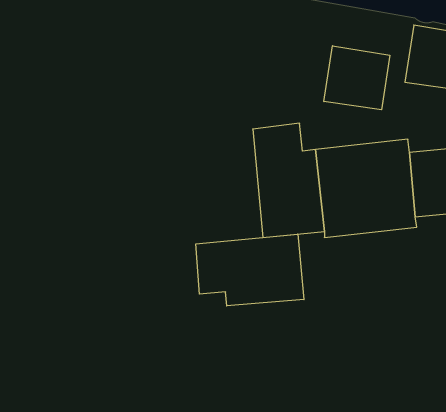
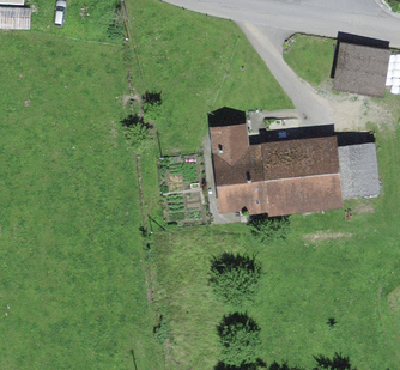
building: [324,46,390,110] -> none
building: [196,234,304,306] -> none

